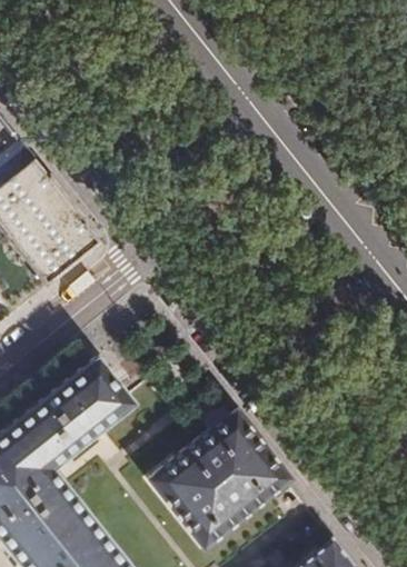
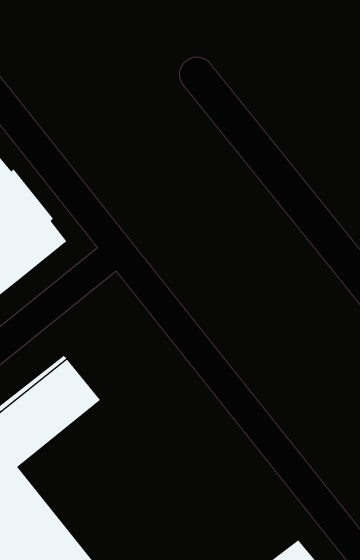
building: [150,412,287,546] -> none

